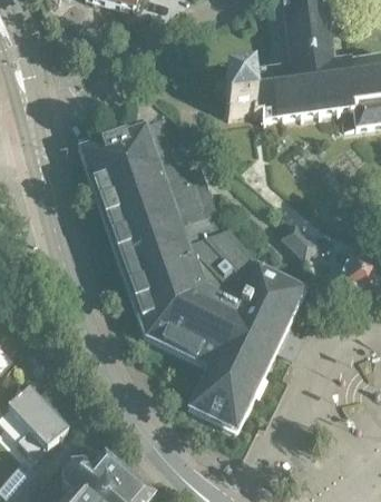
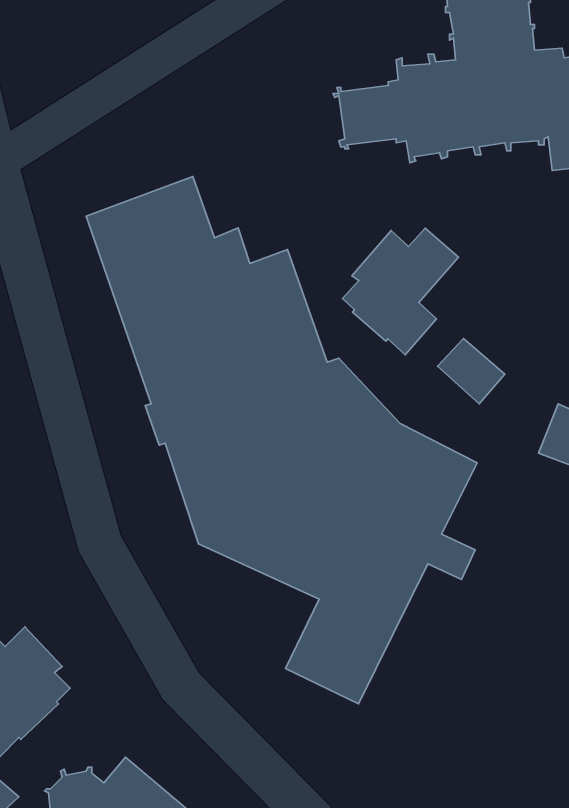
building: none -> [342,228,458,355]

